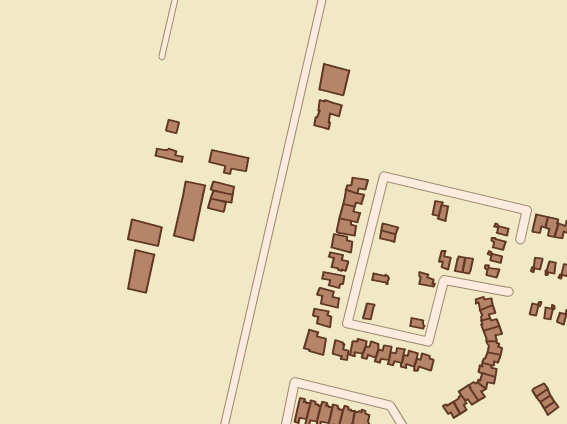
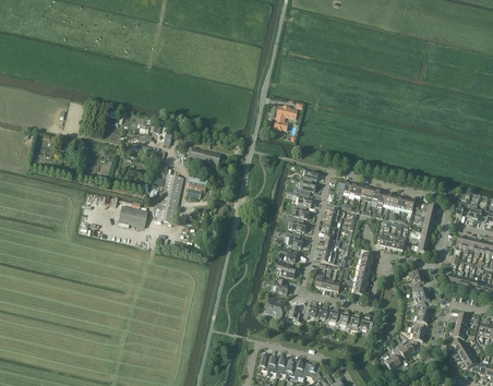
building: [319,64,349,95] -> none
building: [128,250,154,293] -> none

